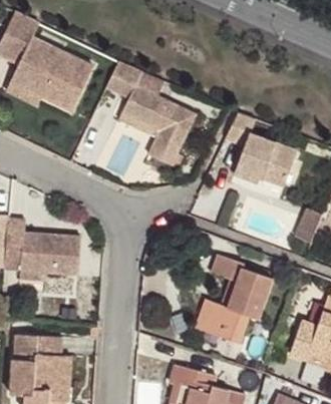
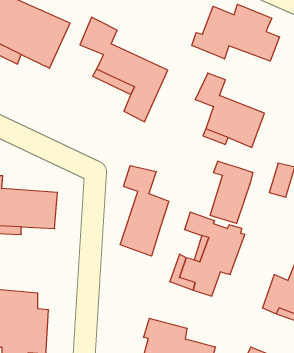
building: none -> [192,4,280,61]
building: none -> [210,161,253,224]
building: none -> [120,166,169,256]

